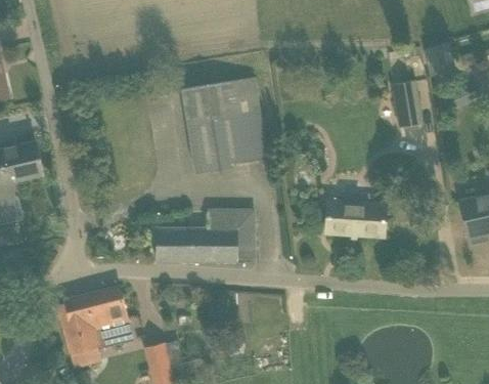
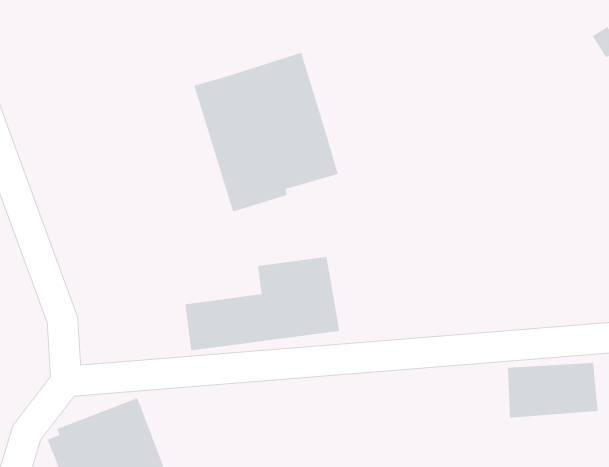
building: [392,81,424,129] -> none
building: [325,202,385,238] -> [507,363,599,418]

